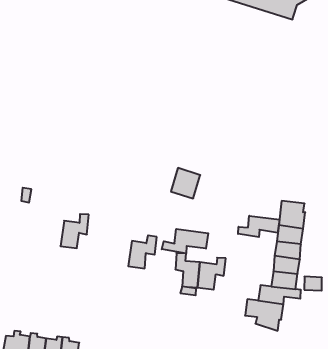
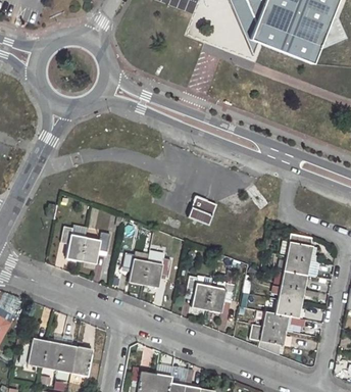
building: none -> [62,225,89,260]
building: [238,216,280,237] -> none
building: [162,229,208,253] -> none
building: none -> [123,251,149,284]

